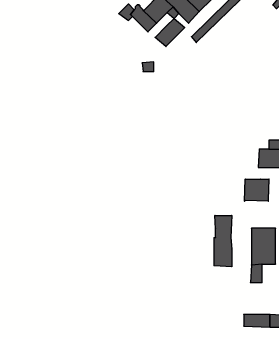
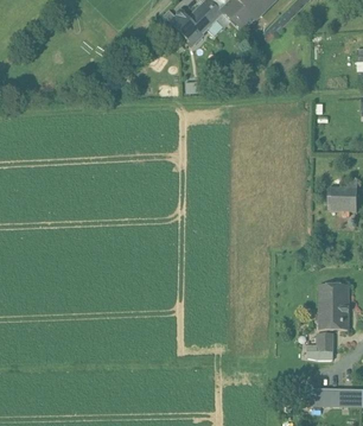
building: [155,18,185,47] -> none
building: [245,179,269,201] -> none
building: [214,215,232,267] -> none

